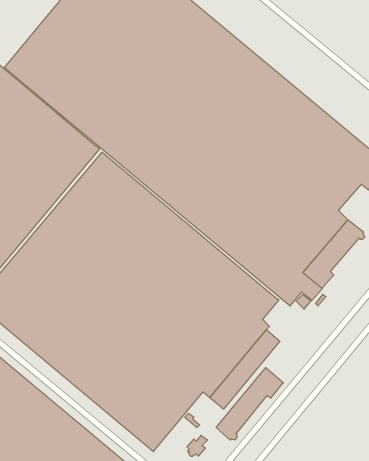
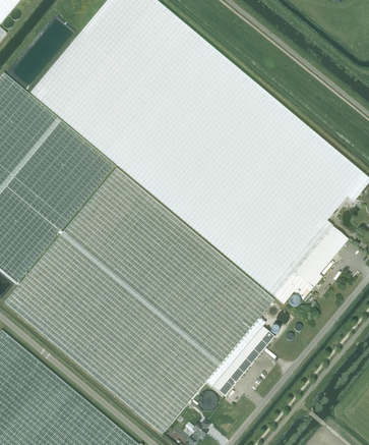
building: [216,368,284,440] -> none

